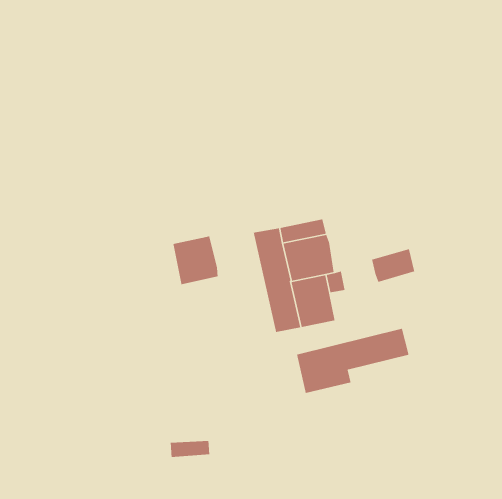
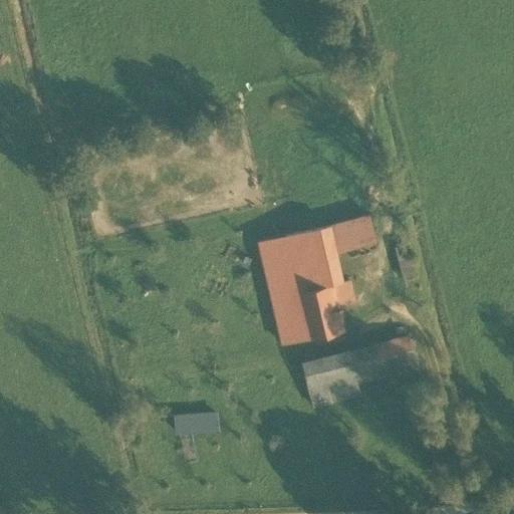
building: [173,236,219,285] -> none
building: [371,248,415,283] -> [330,216,375,251]
building: [170,440,210,458] -> [176,414,217,432]

